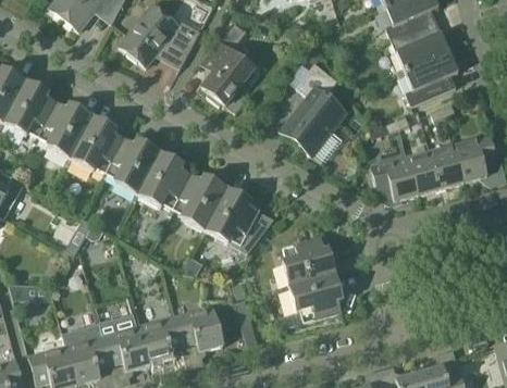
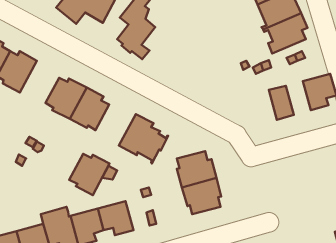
building: [283,62,345,153] -> none
building: [71,115,124,172] -> none
building: [430,142,463,188] -> none
building: [371,154,418,201] -> none
building: [173,174,227,229] -> [69,154,110,195]

